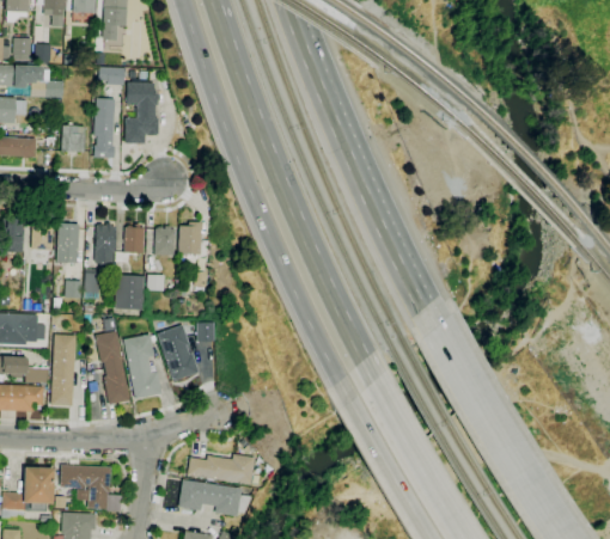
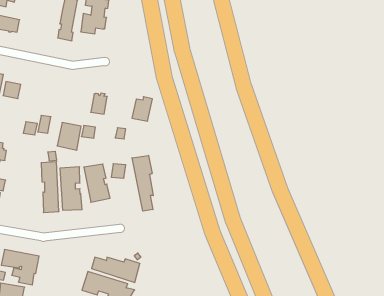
building: [62,125,86,153] -> none
building: [178,221,203,255] -> [132,97,152,121]
building: [56,223,80,263] -> none
building: [94,223,116,269] -> none
building: [124,223,145,253] -> none
building: none -> [132,155,153,211]
building: [51,333,77,406] -> none

